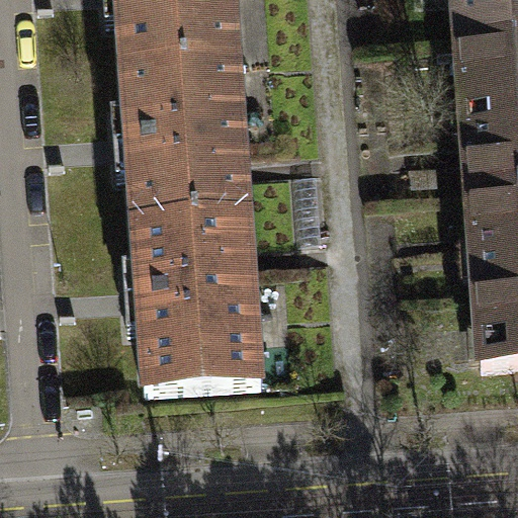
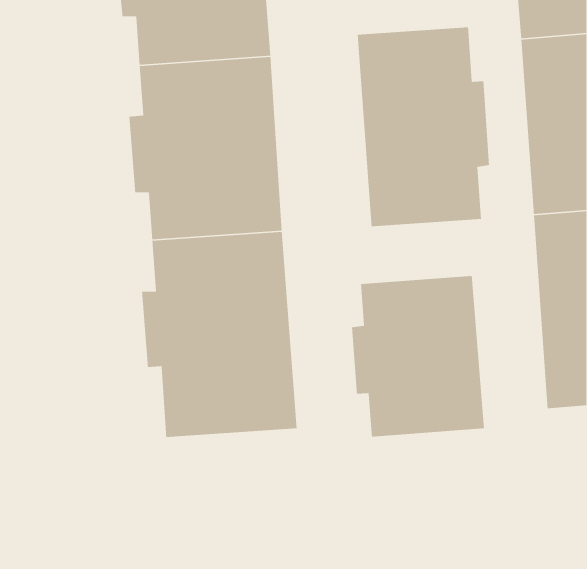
building: none -> [357,26,490,227]
building: none -> [351,275,485,437]

